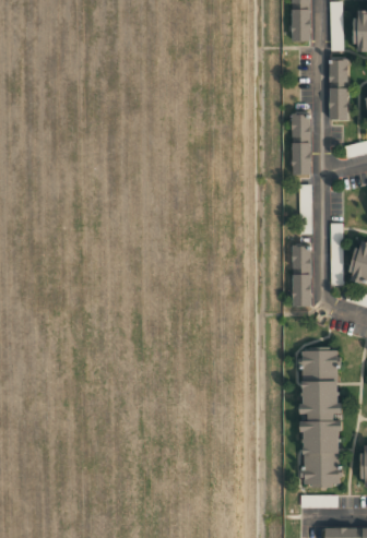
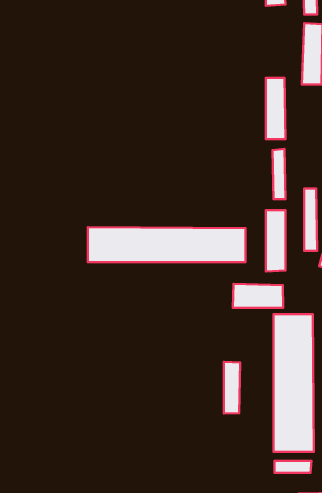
building: none -> [88,227,246,262]
building: none -> [233,284,283,308]
building: none -> [224,362,240,413]

